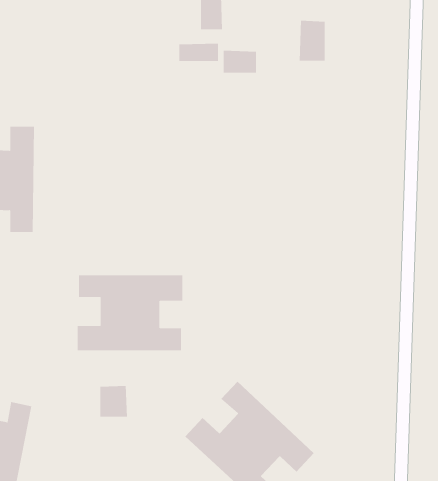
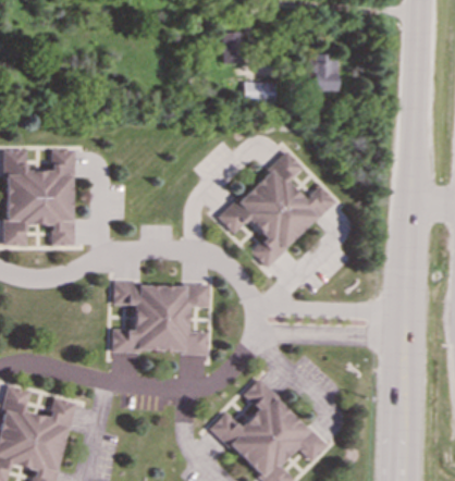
building: [179,43,219,62] -> none
building: none -> [218,152,335,266]
building: [100,385,128,417] -> none

